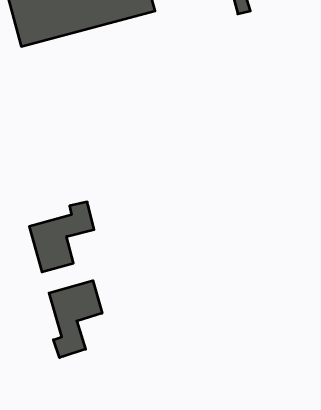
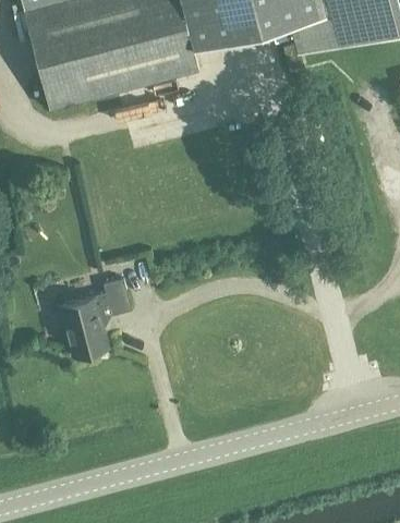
building: [49,281,102,358] -> none

